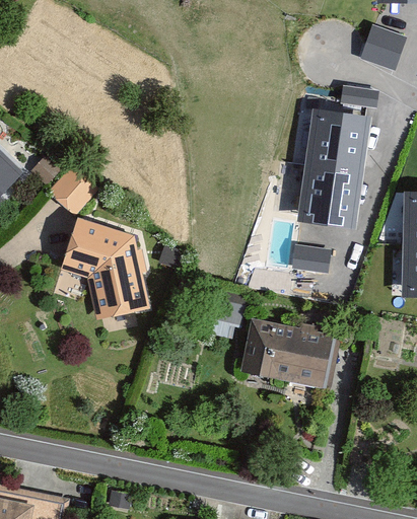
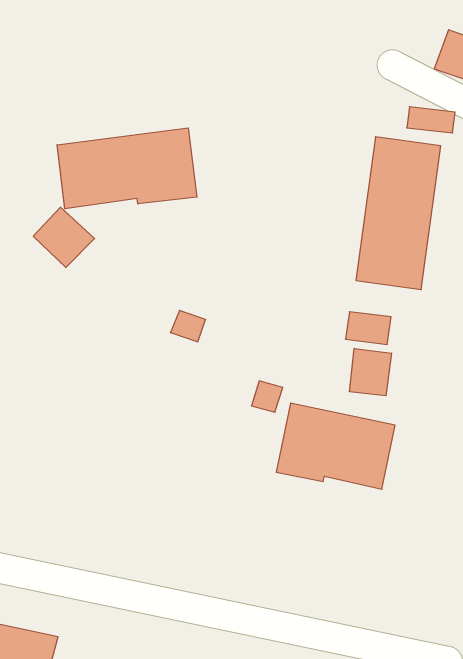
building: none -> [57,128,197,209]
building: [63,221,147,318] -> none
building: none -> [350,348,392,396]

